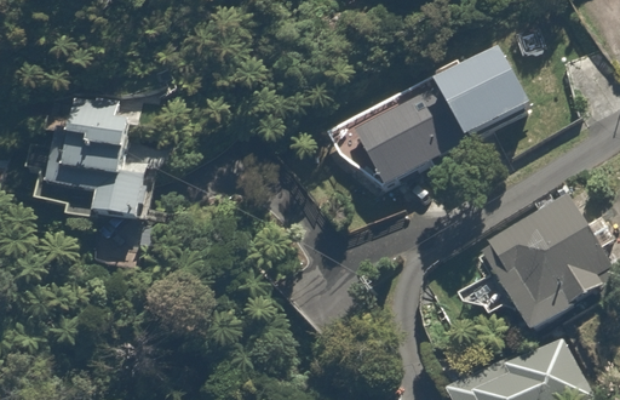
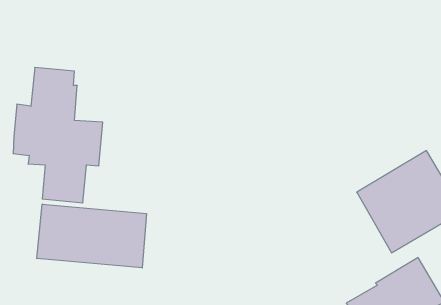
building: [326,41,527,188] -> none
building: none -> [37,204,146,268]

